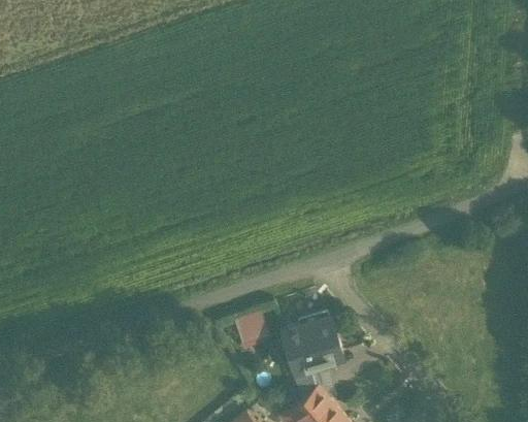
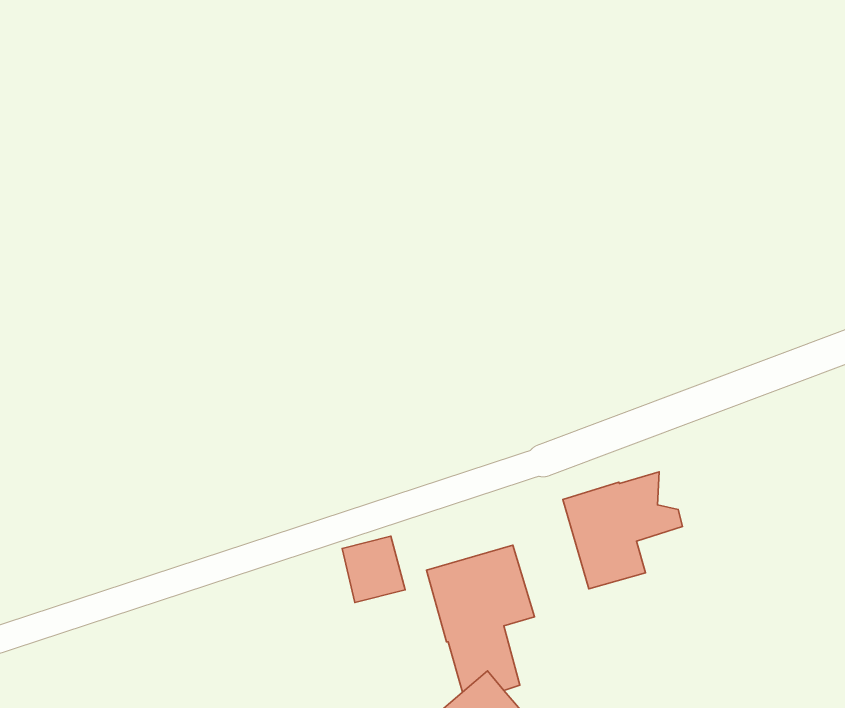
building: none -> [563,472,683,589]

